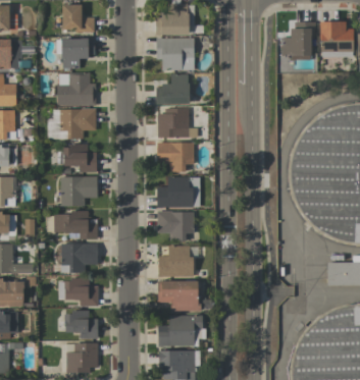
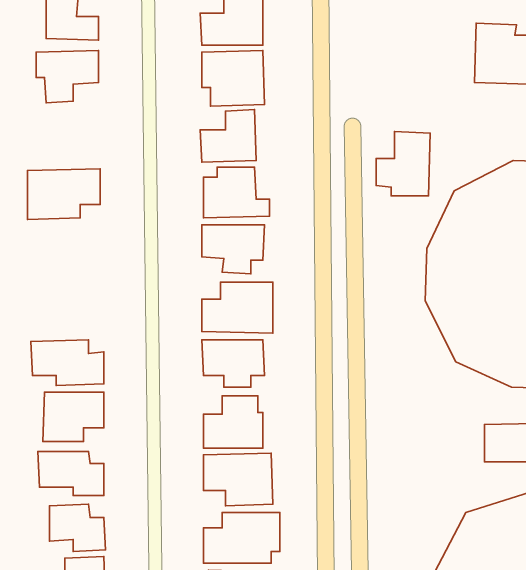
building: [281,21,314,60] -> [376,131,430,196]
building: [57,73,96,106] -> none
building: [63,145,97,172] -> none
building: [61,176,98,206] -> none

